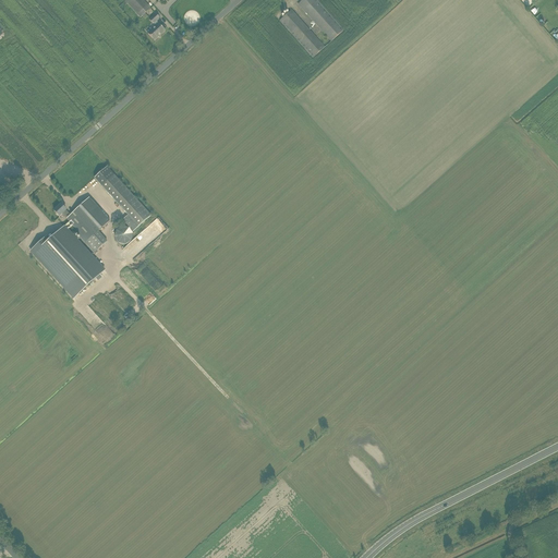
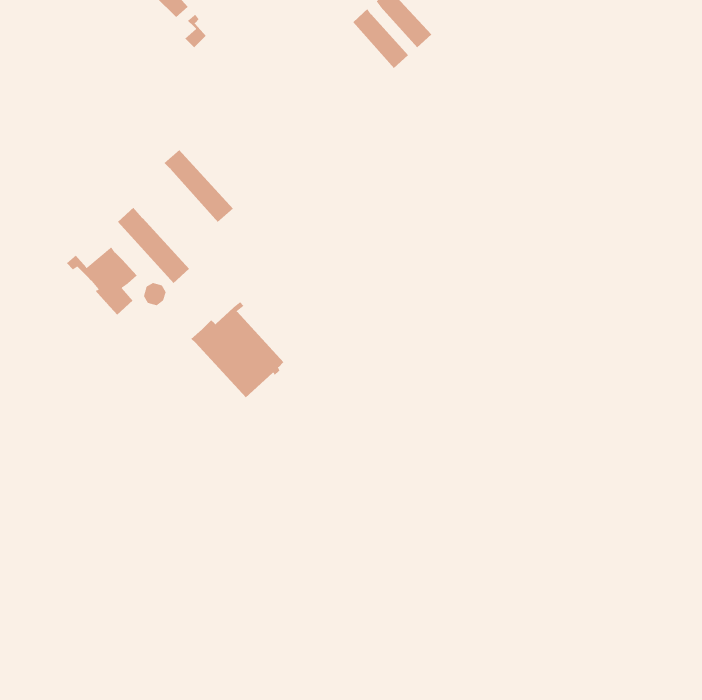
building: none -> [163,149,234,223]
building: [29,219,104,295] -> [191,302,284,398]

